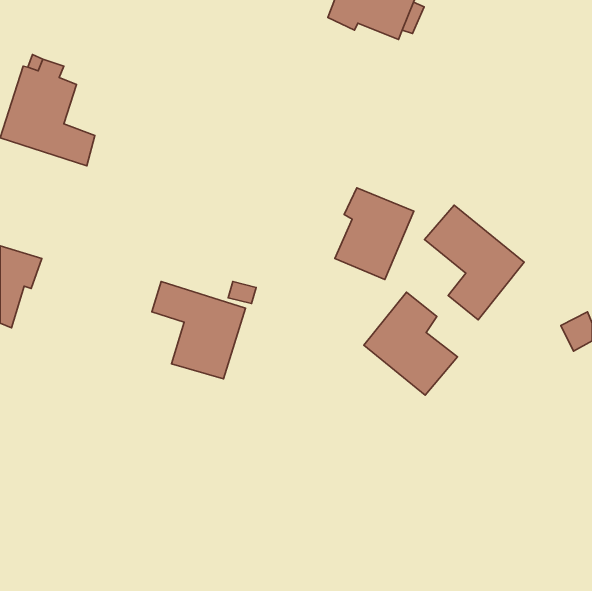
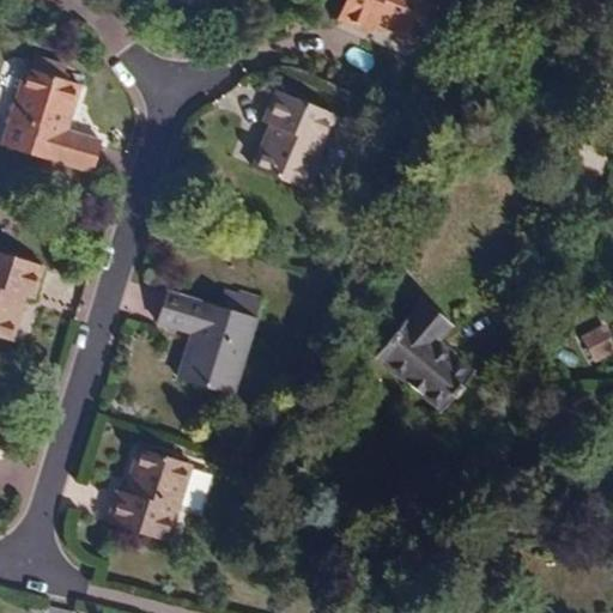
building: [335,188,414,279] -> [251,91,333,186]
building: [425,205,524,320] -> none
building: none -> [107,449,207,539]

